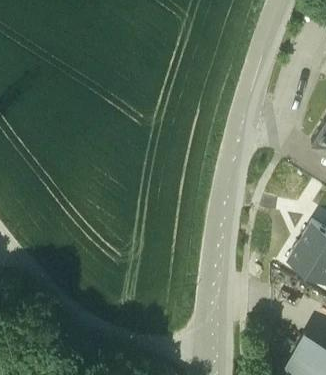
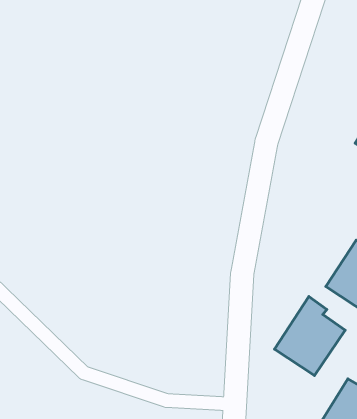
building: none -> [274,297,345,375]

